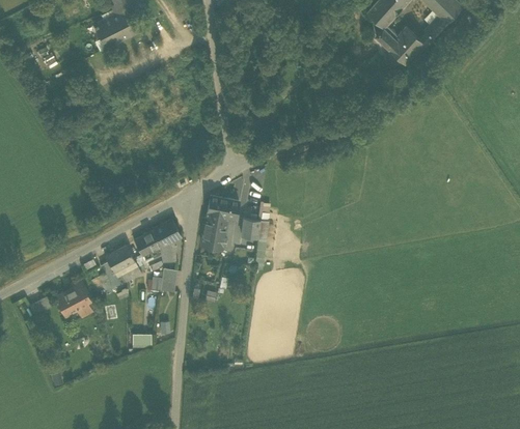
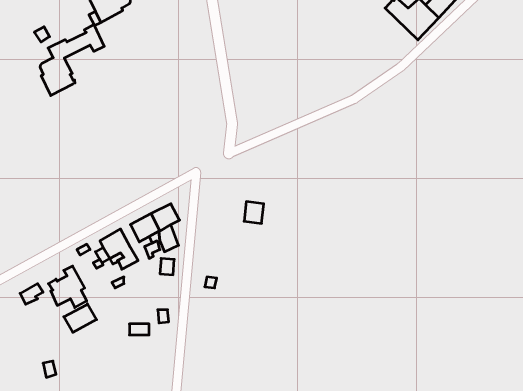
building: none -> [40,25,104,96]
building: [202,199,239,249] -> none
building: none -> [64,304,97,332]

